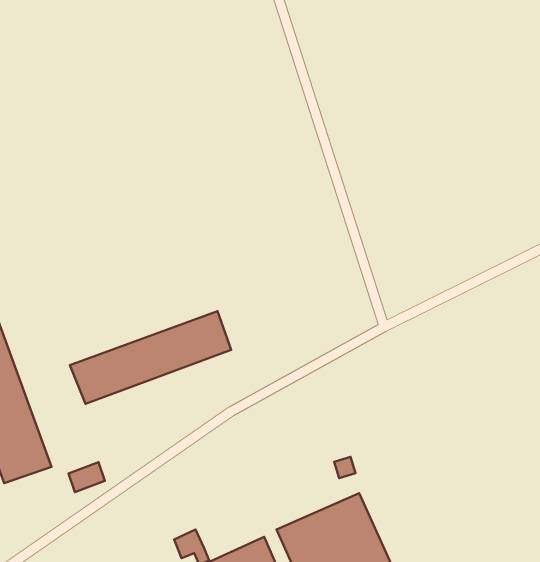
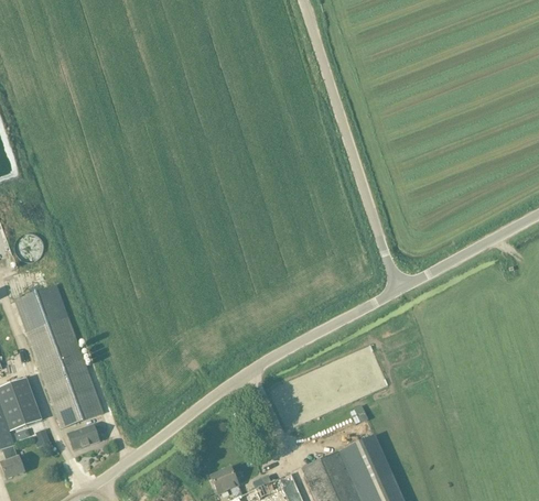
building: [70,311,231,404] -> none
building: [69,462,105,492] -> [66,424,98,450]

